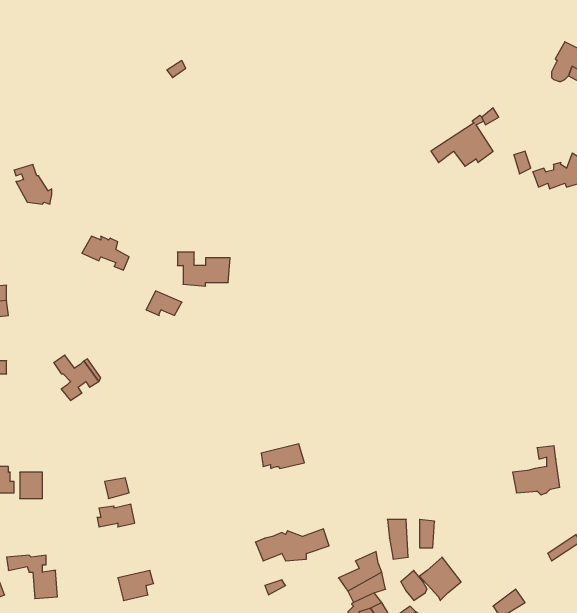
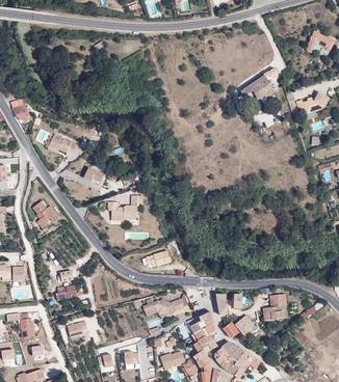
building: [177,252,230,286] -> [108,201,137,220]
building: [513,446,560,495] -> [263,293,289,320]

